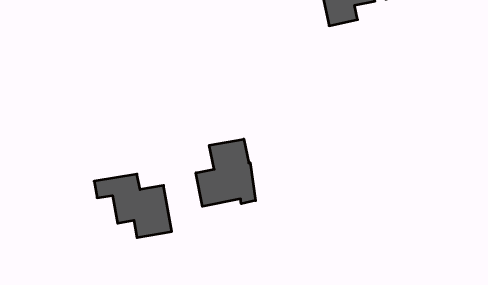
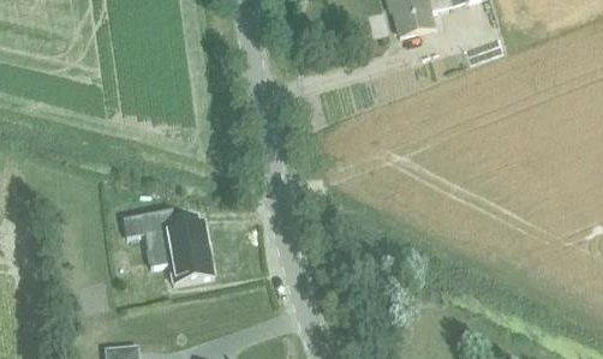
building: [196,139,256,206] -> none

